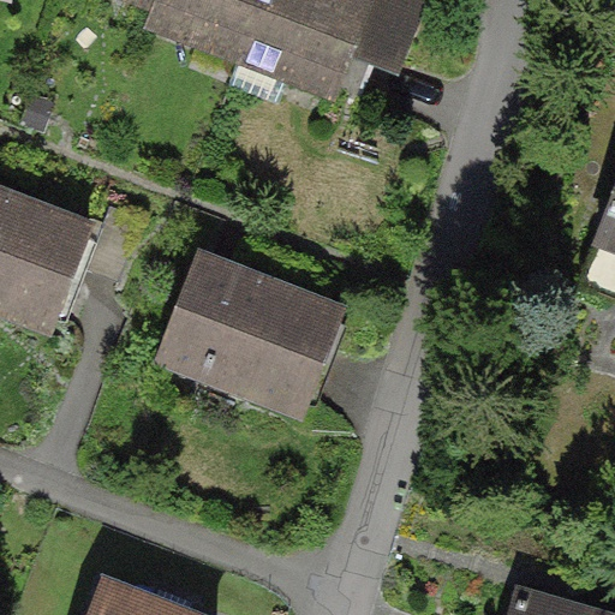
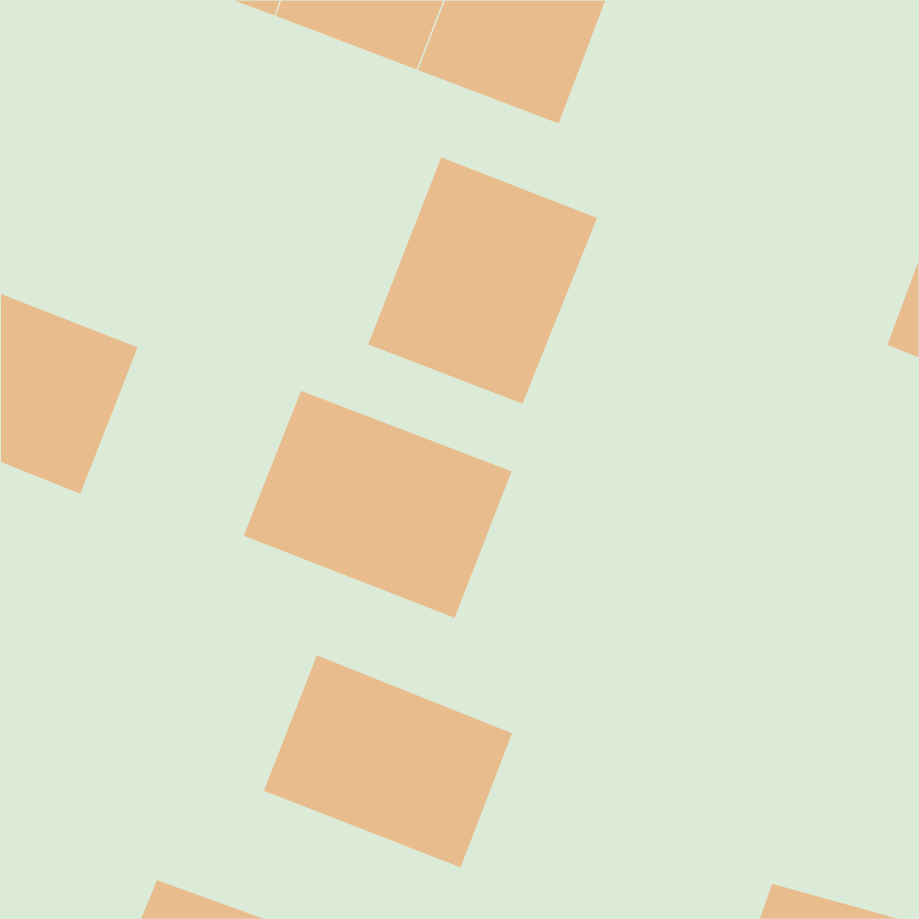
building: none -> [367,156,598,405]
building: none -> [263,655,513,868]

